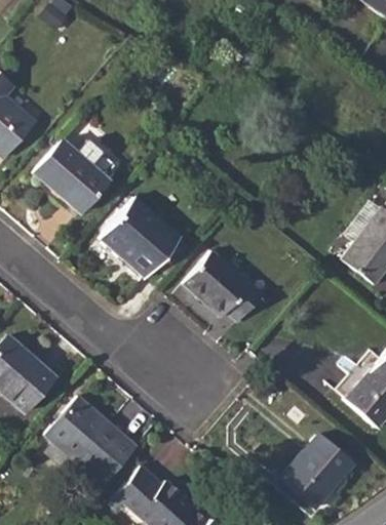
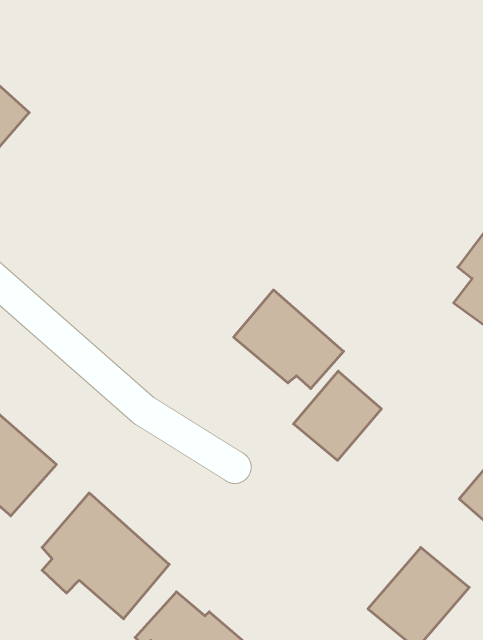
building: [35,140,120,212] -> none
building: [101,197,183,278] -> none
building: none -> [293,371,381,460]

